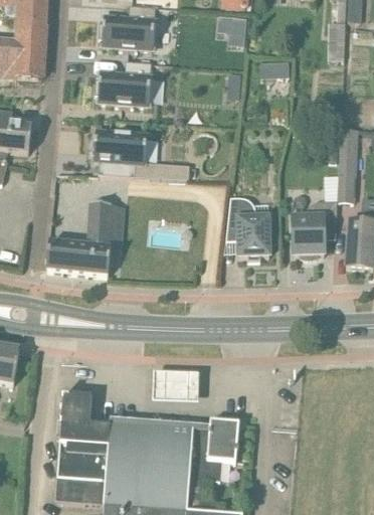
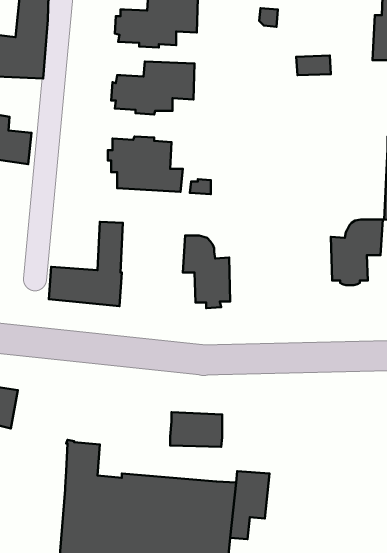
building: [227,196,268,260] -> [183,236,230,308]

